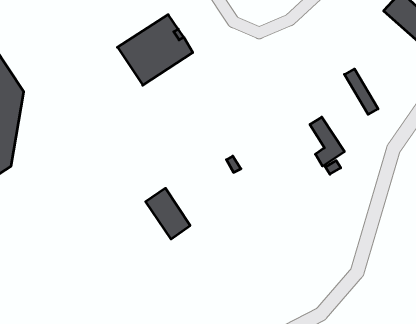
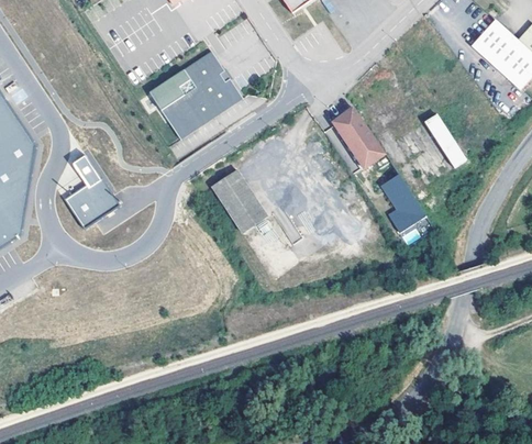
building: none -> [330,109,381,170]
building: none -> [63,153,119,227]
building: [146,188,190,239] -> [212,165,266,226]

